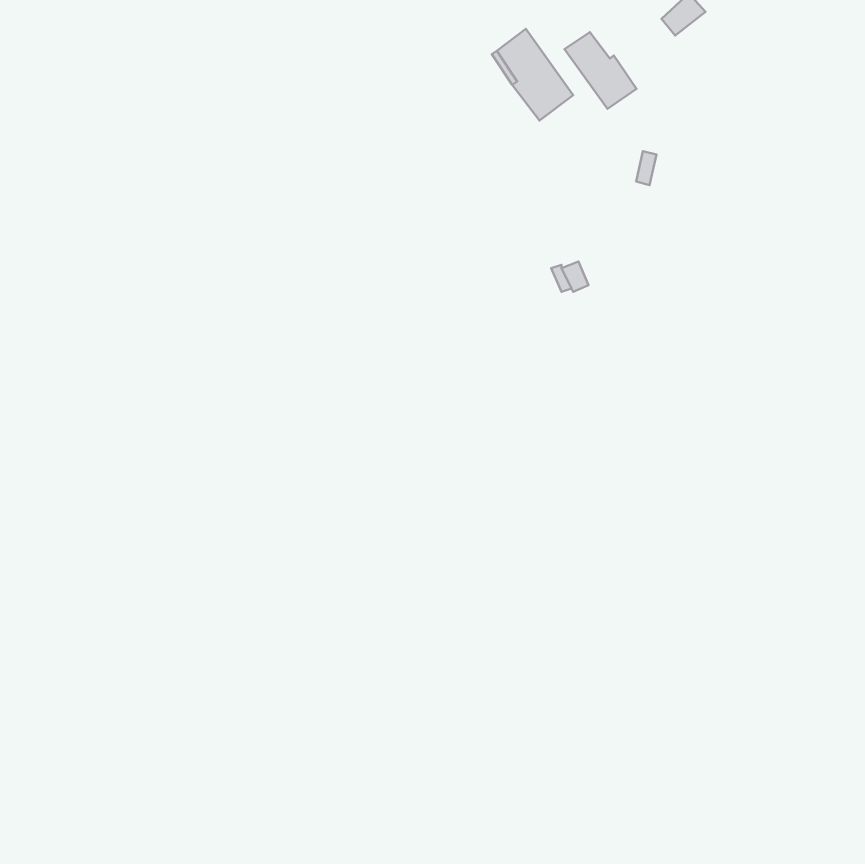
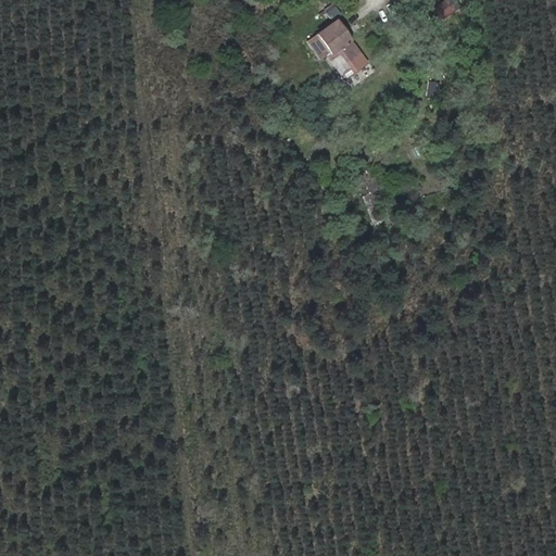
building: [565,32,637,109] -> none

